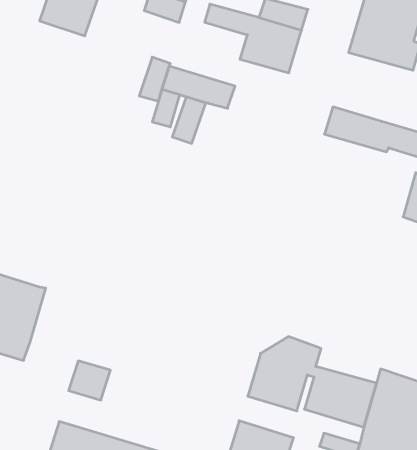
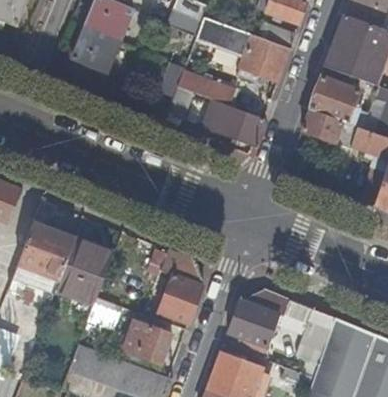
building: none -> [72,27,119,71]
building: none -> [311,76,365,123]
building: none -> [203,100,264,144]
building: none -> [61,238,115,294]
building: none -> [153,249,205,323]
building: none -> [127,325,172,363]

